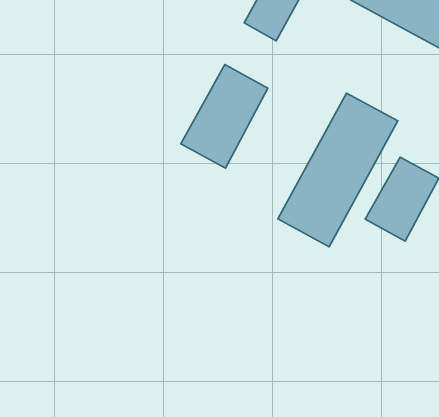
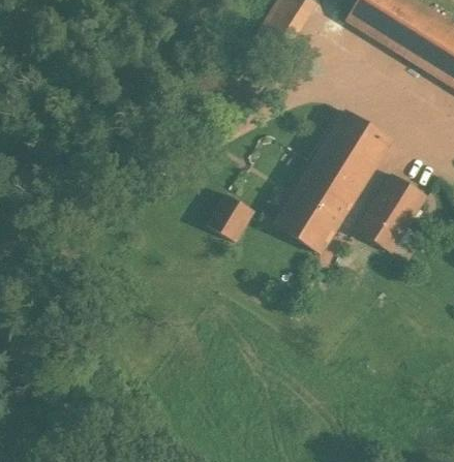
building: [181,64,268,168] -> none
building: none -> [208,192,254,241]

